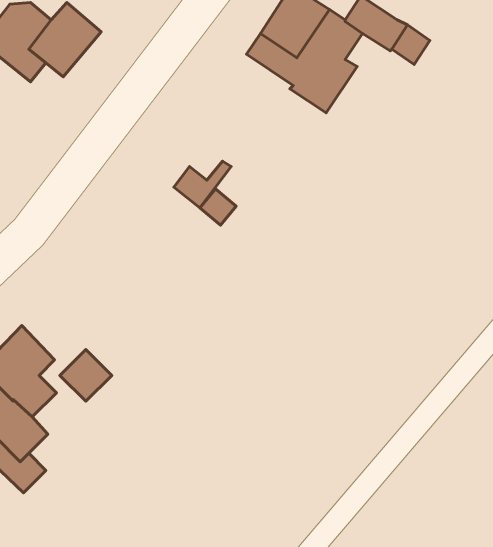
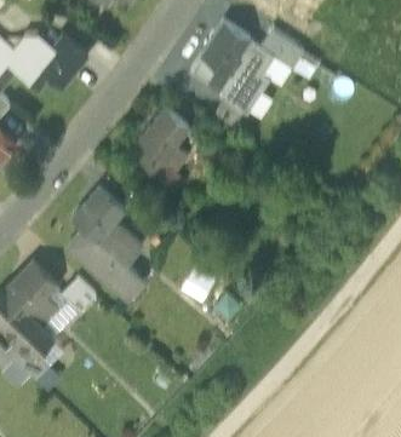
building: none -> [139,108,189,160]
building: none -> [68,189,147,303]

